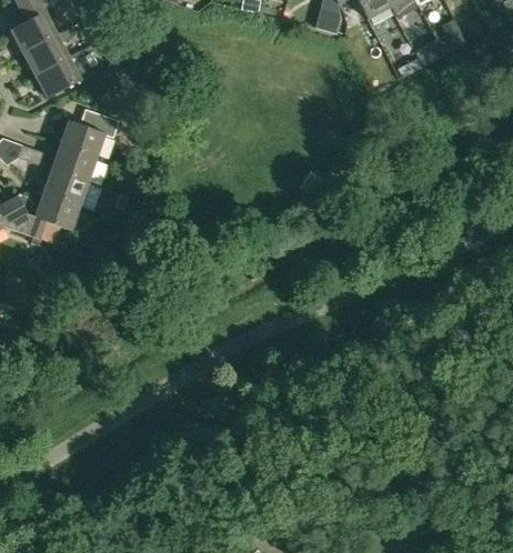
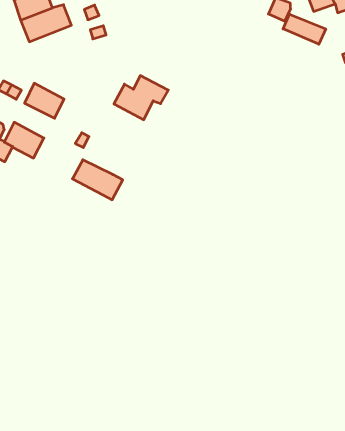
building: none -> [283,14,326,44]
building: [59,109,119,159] -> [114,76,168,120]
building: [42,170,100,211] -> [72,160,123,200]

